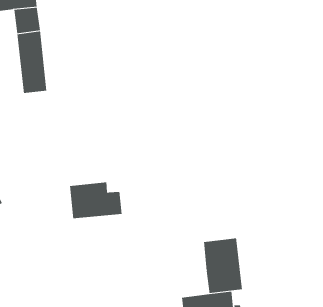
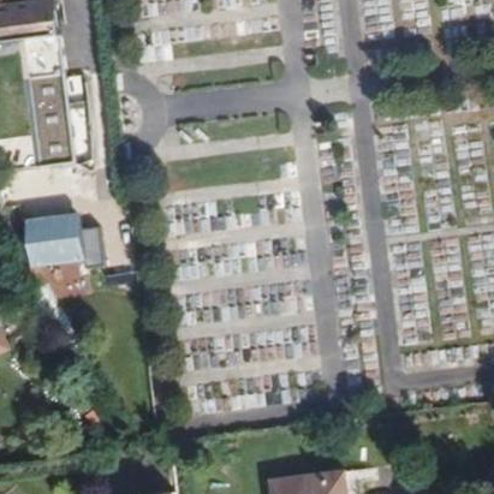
building: [69,182,122,219] -> [23,210,102,266]
building: [203,237,242,294] -> none

